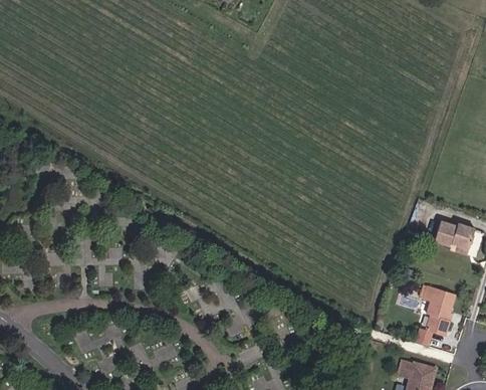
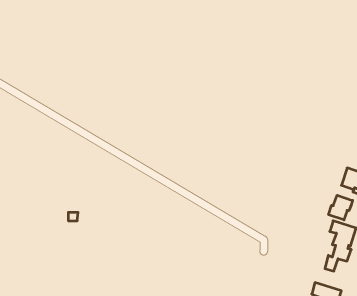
building: none -> [329,195,353,220]

